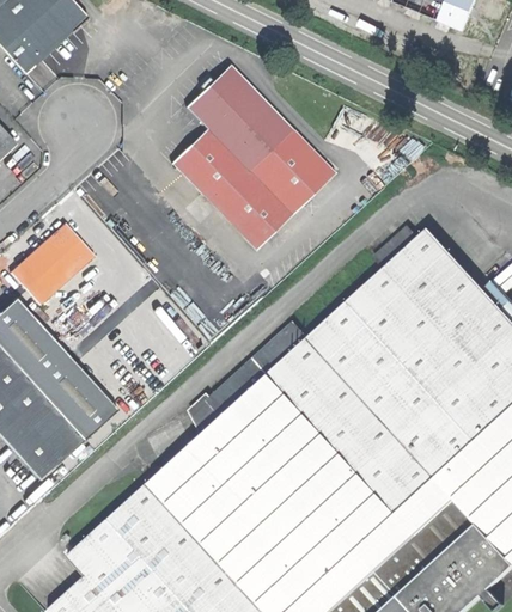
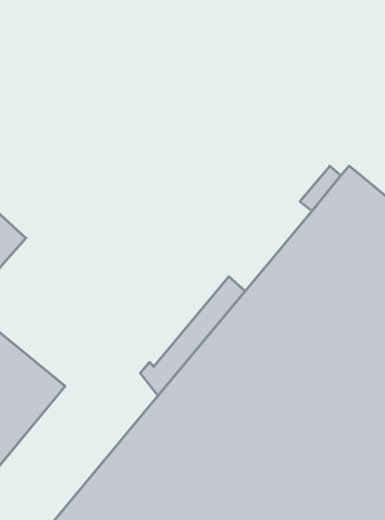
building: [171,66,334,251] -> none

